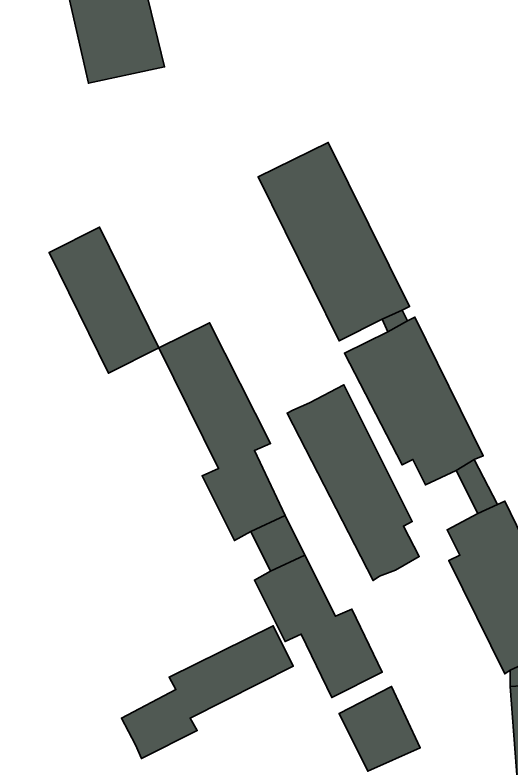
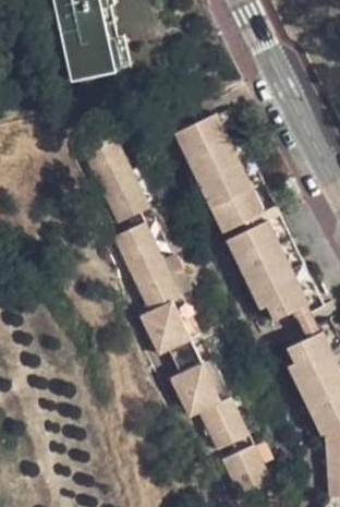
building: [49,227,159,373] -> [84,136,150,225]
building: [287,385,419,581] -> none
building: [122,626,293,758] -> none

